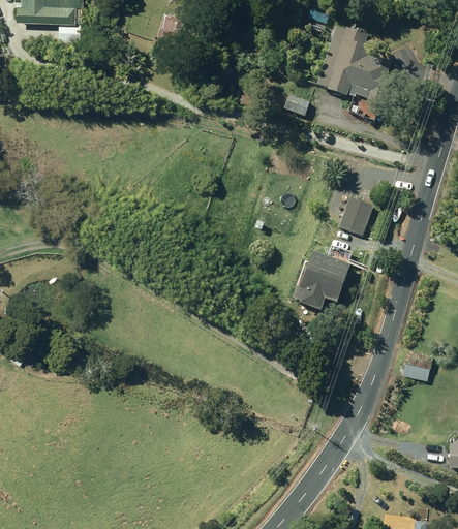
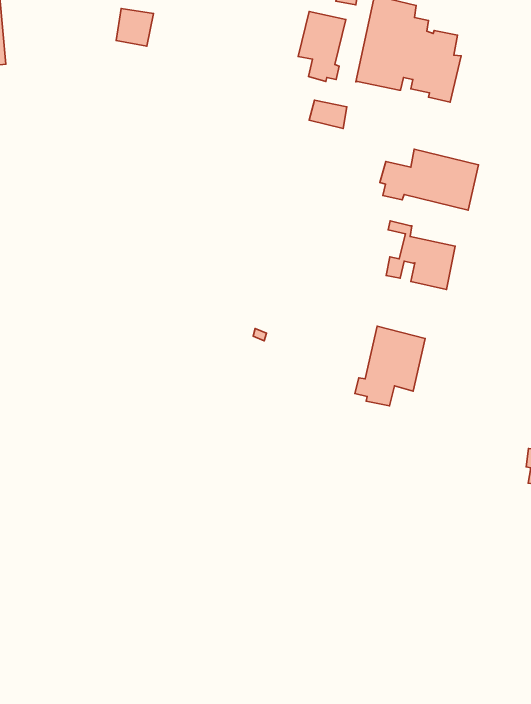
building: none -> [298,11,346,81]
building: none -> [380,149,478,210]

